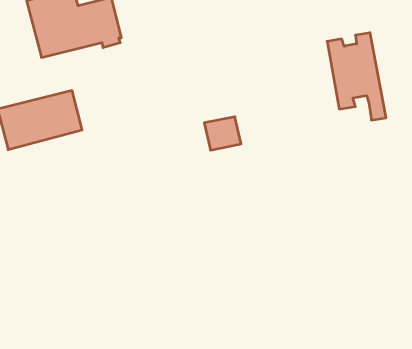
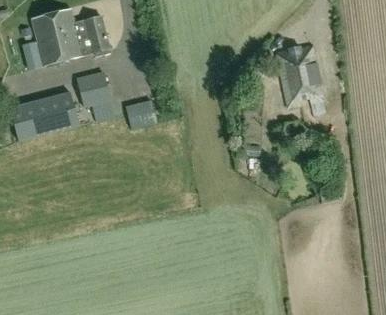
building: none -> [75,71,111,110]
building: [204,117,241,150] -> [124,100,154,127]

